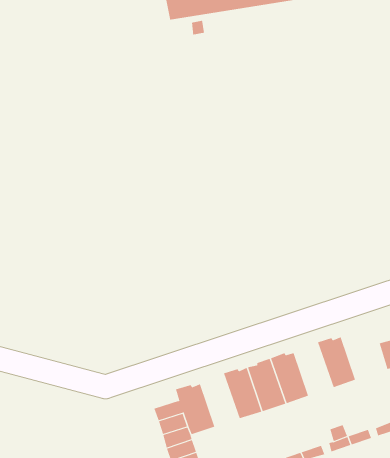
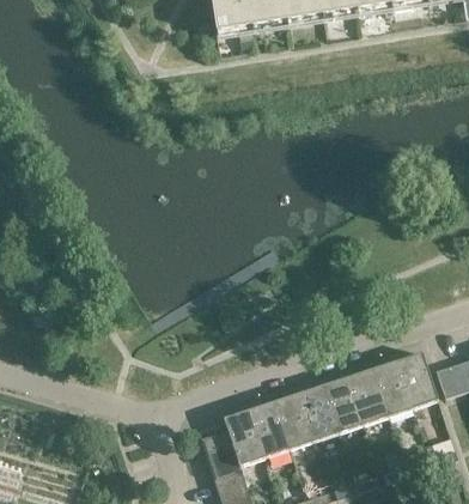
building: none -> [395,352,437,408]
building: none -> [346,369,386,425]
building: none -> [248,401,288,457]

